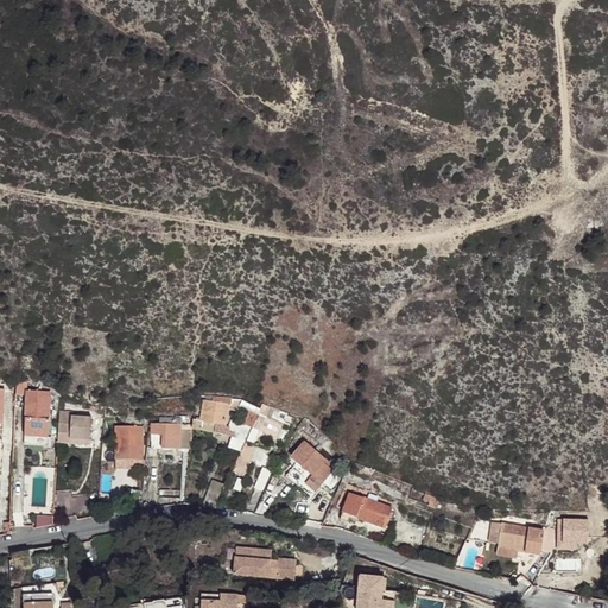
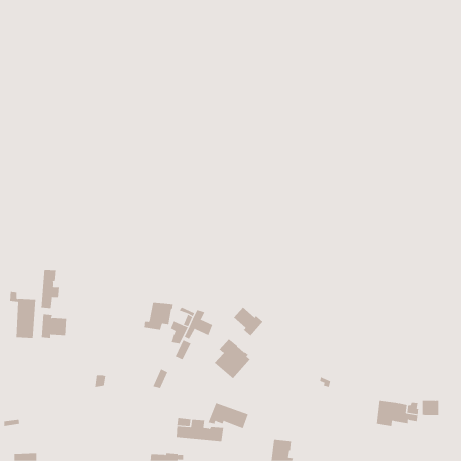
building: none -> [41,269,60,309]
building: none -> [233,307,263,336]
building: [150,418,180,448] -> none
building: [115,425,142,458] -> none
building: [337,493,391,527] -> [208,402,249,429]

